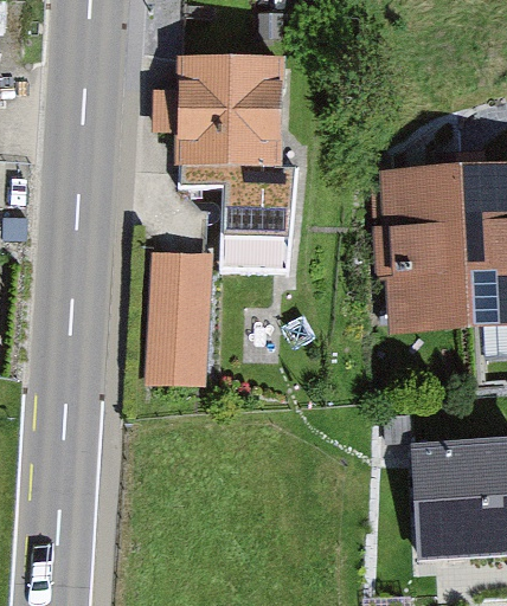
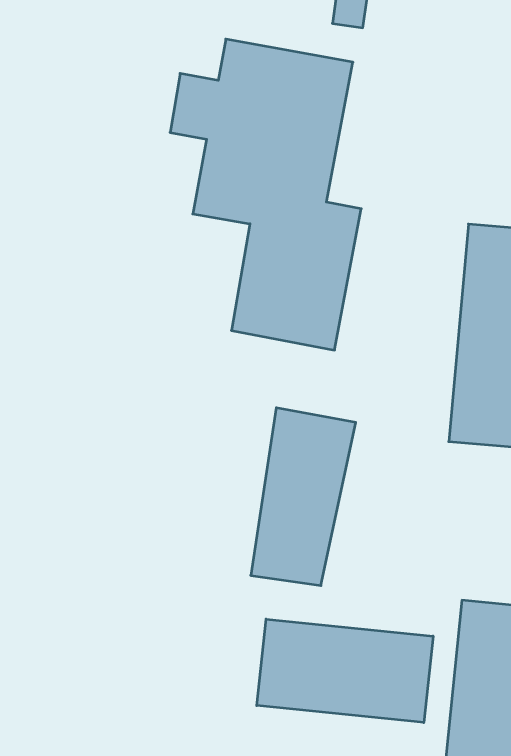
building: [152,251,212,375] -> [251,408,356,586]
building: none -> [257,619,433,723]

